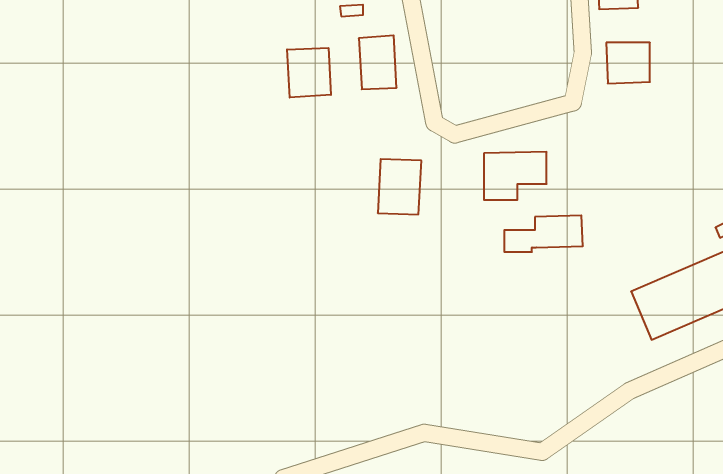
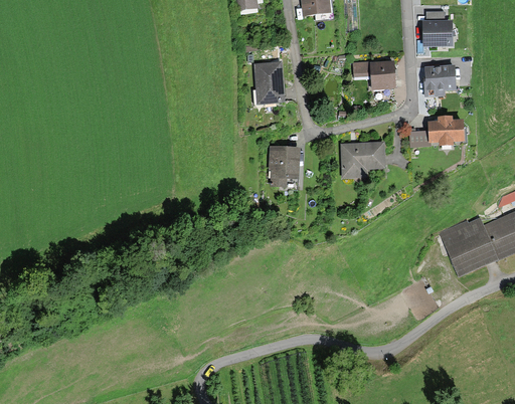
building: none -> [353,62,395,87]
building: [287,48,331,98] -> none
building: [504,215,583,252] -> [410,120,465,145]

